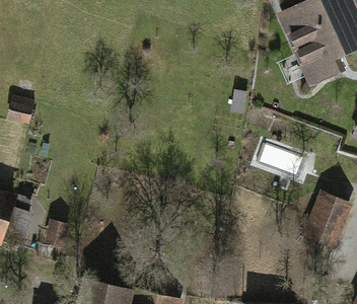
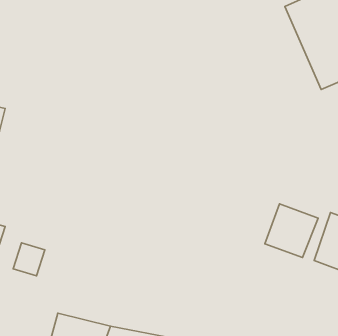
building: none -> [265,204,318,257]

